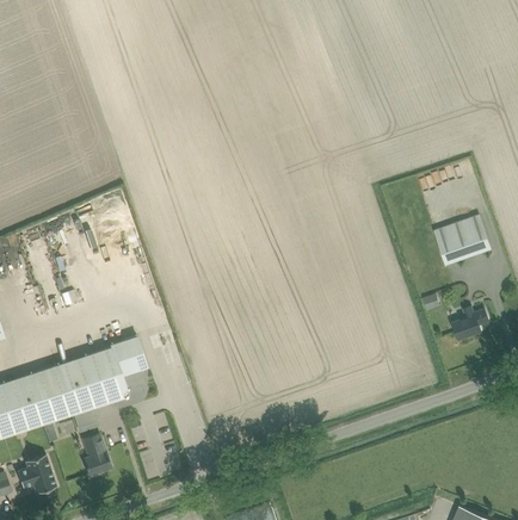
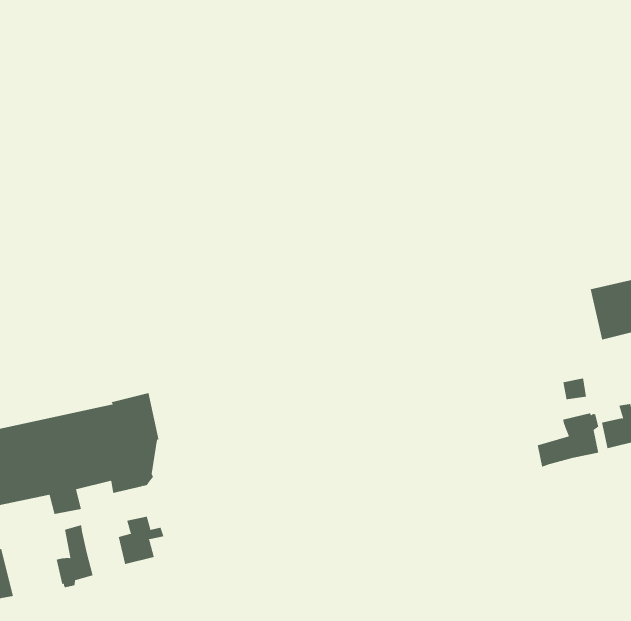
building: none -> [537,413,599,467]
building: none -> [118,516,164,565]

